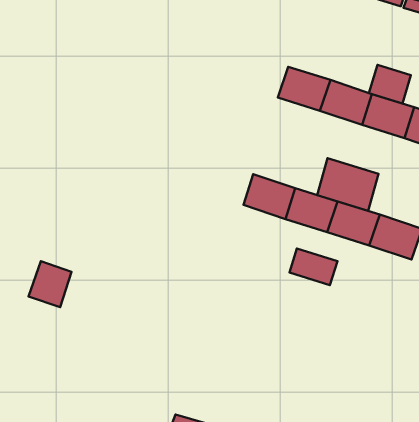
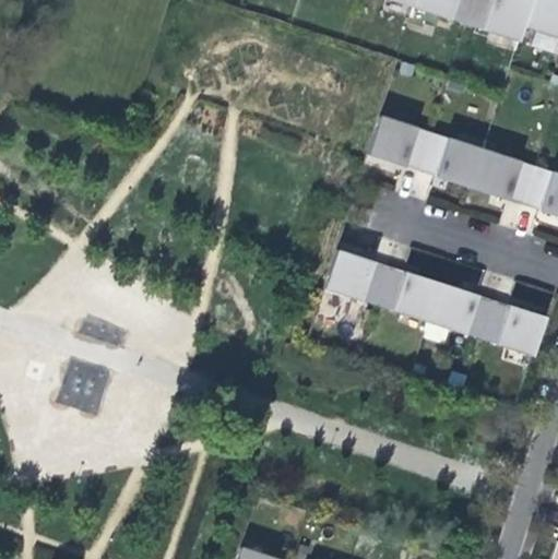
building: [369,65,411,103] -> none
building: [317,158,379,211] -> none
building: [289,248,337,285] -> none

